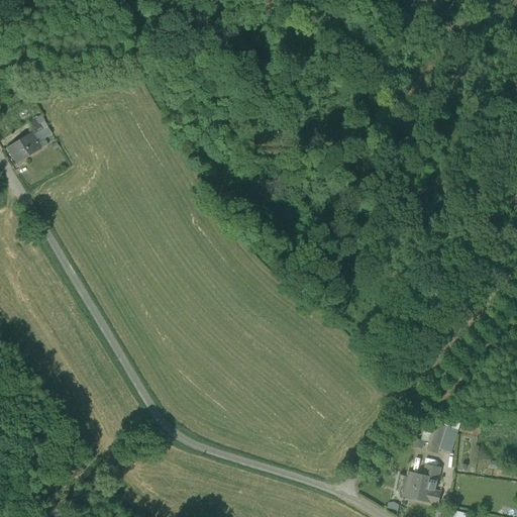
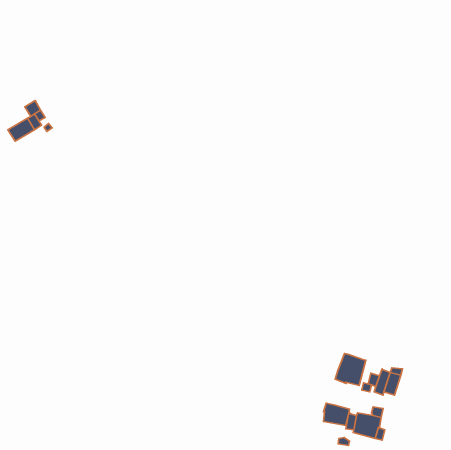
building: none -> [335,353,366,385]
building: none -> [323,403,349,426]

